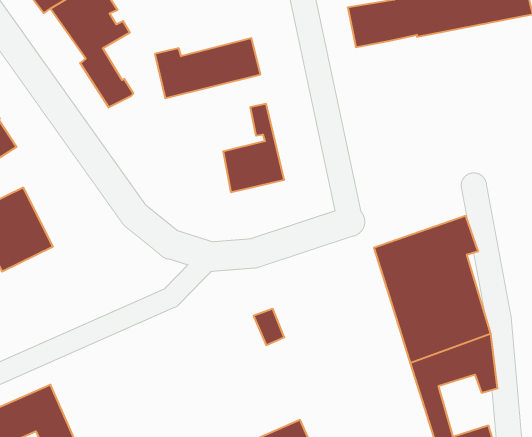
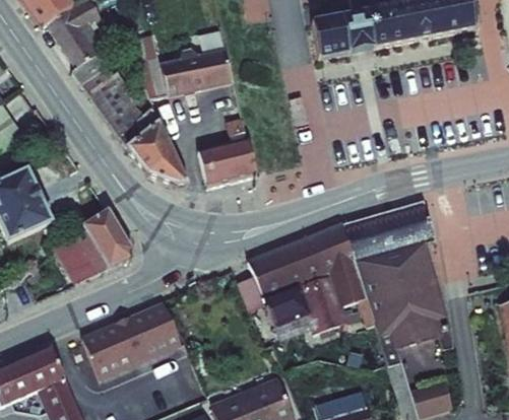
building: none -> [102,92,193,184]
building: none -> [49,215,126,289]
building: none -> [248,228,362,333]
building: none -> [79,302,177,377]

